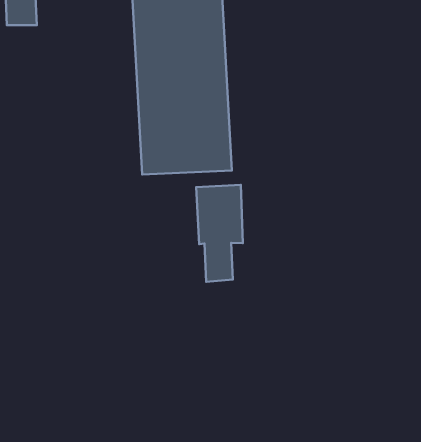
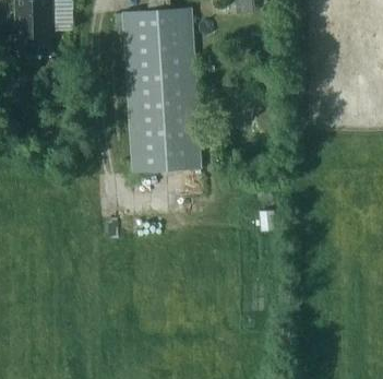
building: [196,185,243,282] -> none

